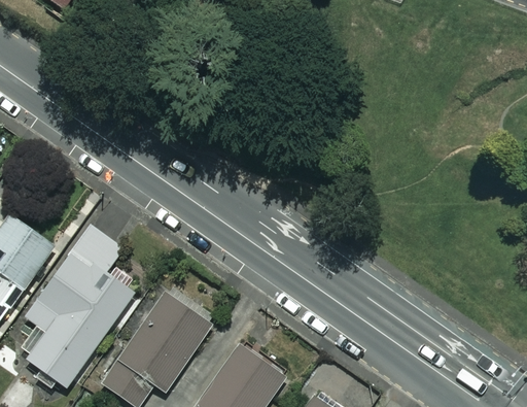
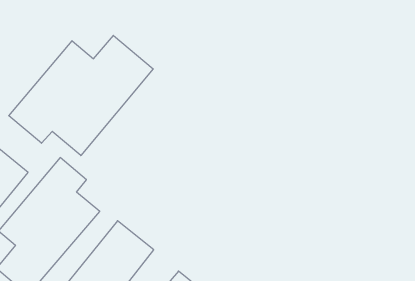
building: none -> [9,35,153,156]

